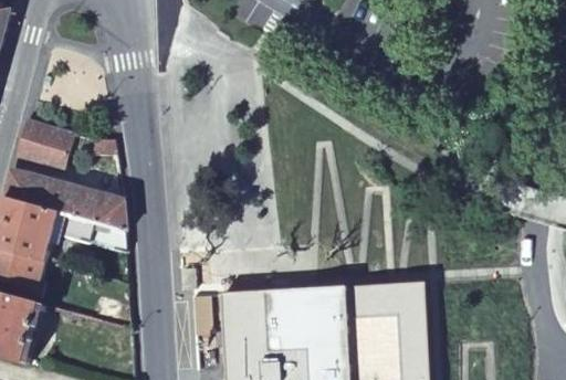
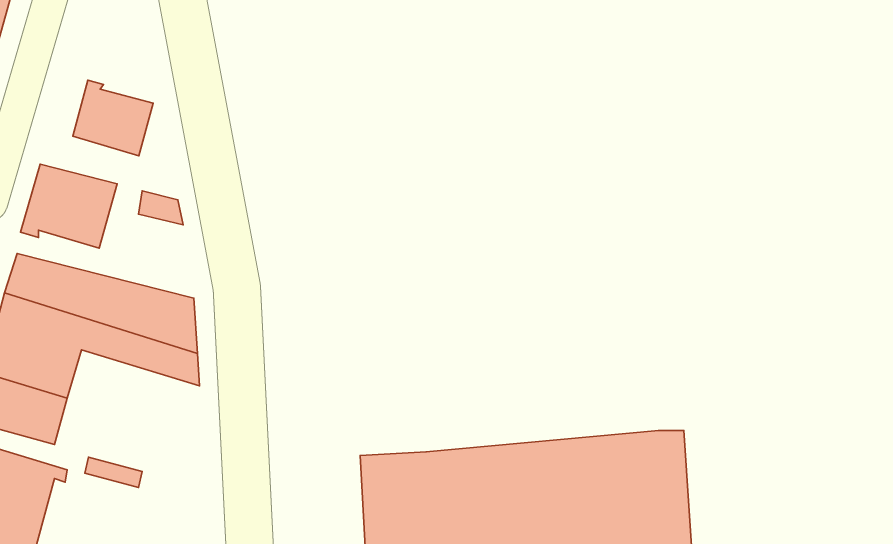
building: none -> [73,80,153,156]

